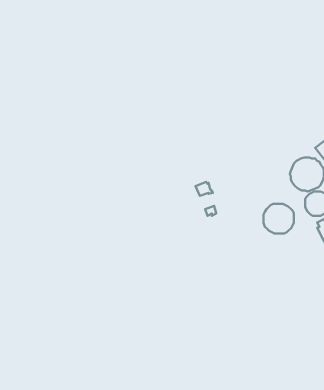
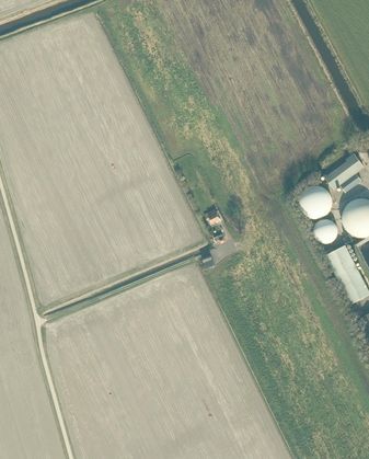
building: [264,204,294,233] -> none

